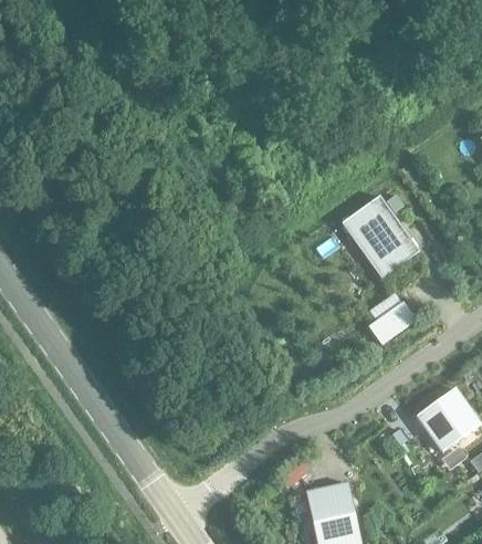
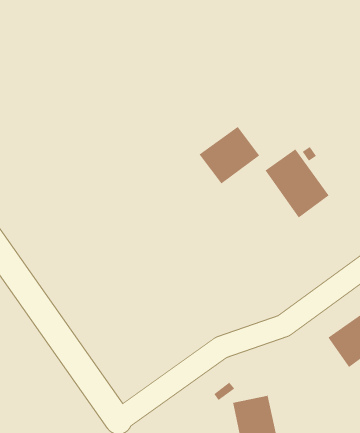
building: none -> [198,125,260,185]
building: [367,304,412,345] -> none

